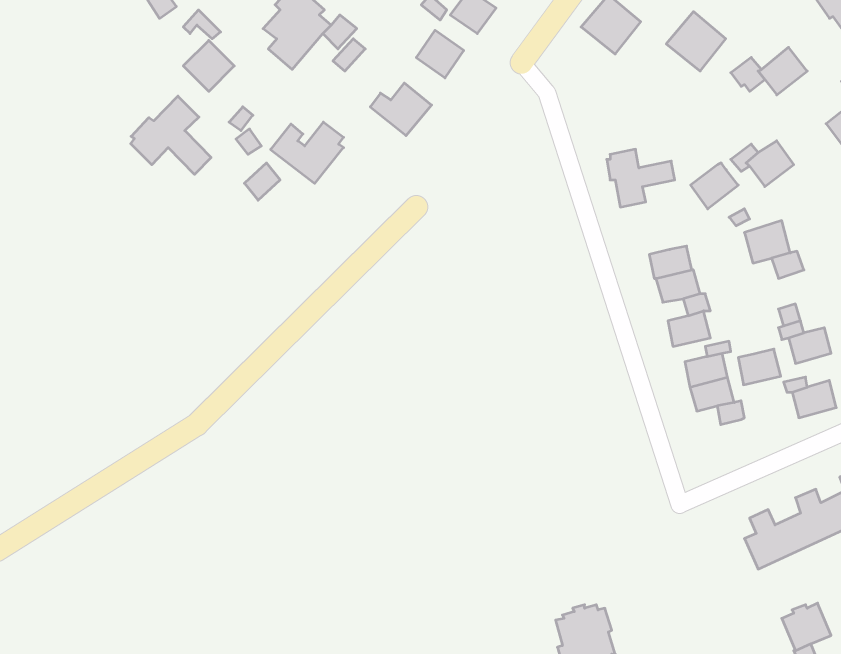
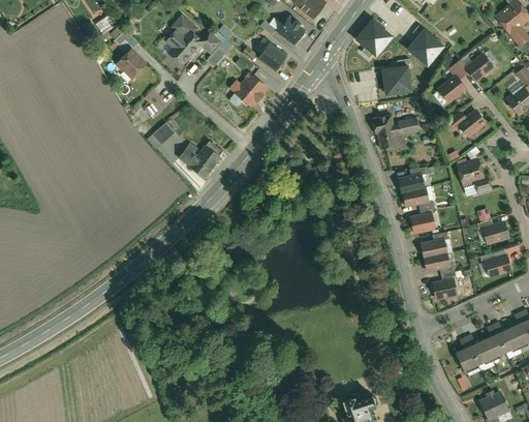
building: none -> [384,66,413,95]
building: [131,96,211,174] -> none
building: [271,122,344,183] -> [178,141,222,178]
building: [691,163,738,209] -> [438,74,467,102]
building: [738,349,781,385] -> [433,278,459,300]

